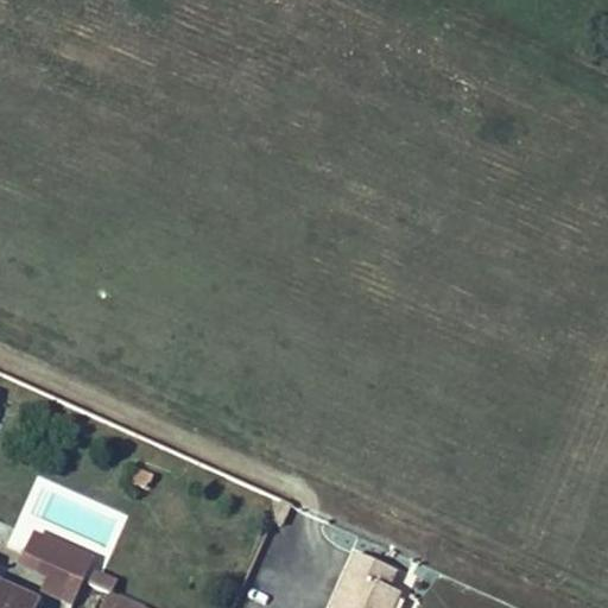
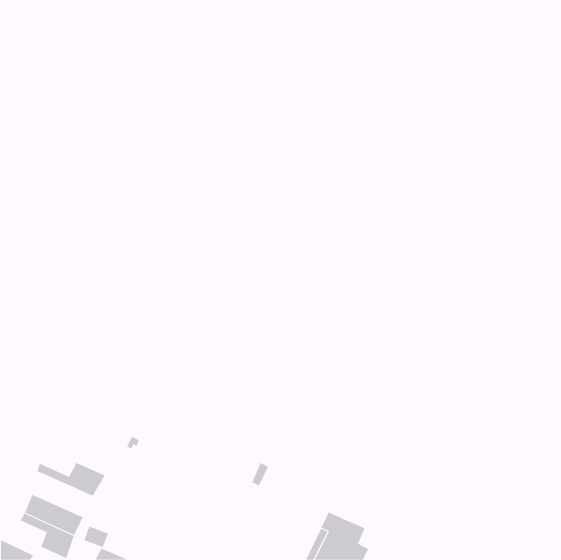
building: none -> [37,462,106,497]

